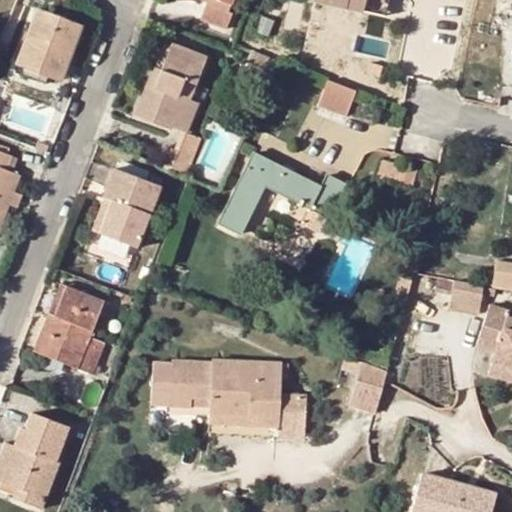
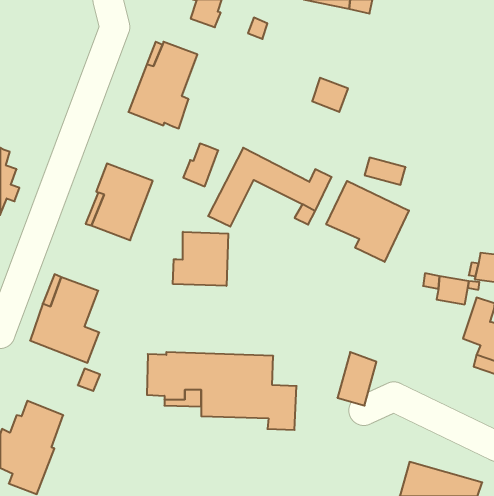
building: [18,8,79,80] -> none
building: [164,130,200,174] -> [183,144,218,186]
building: none -> [326,181,409,262]
building: none -> [173,232,228,286]

